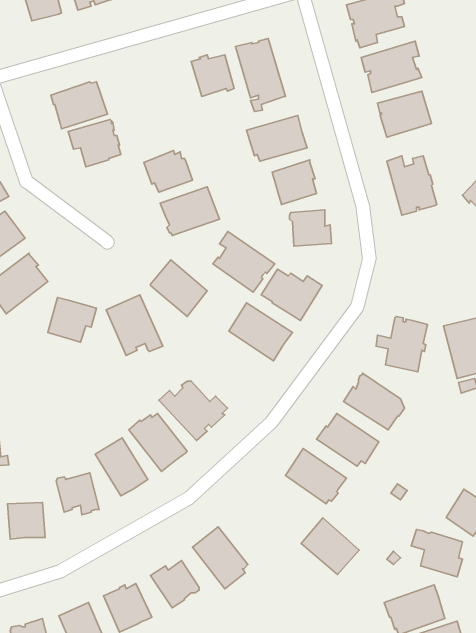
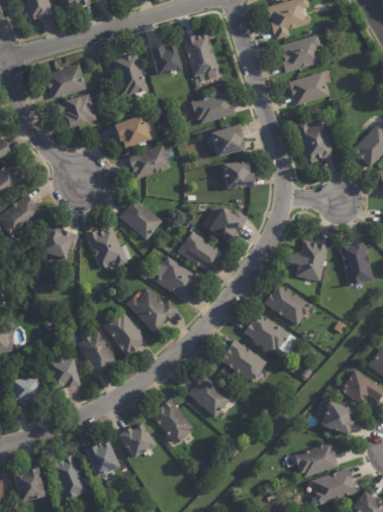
building: none -> [113,53,148,95]
building: [213,232,275,292] -> [157,257,203,302]
building: [301,518,359,574] -> [188,375,231,417]

